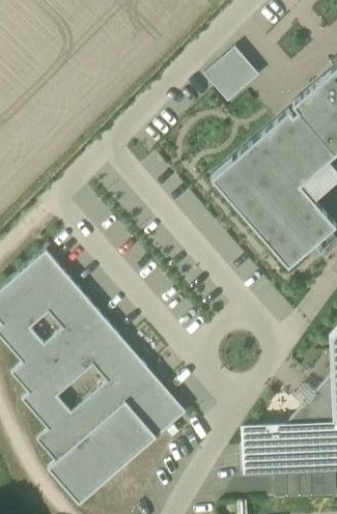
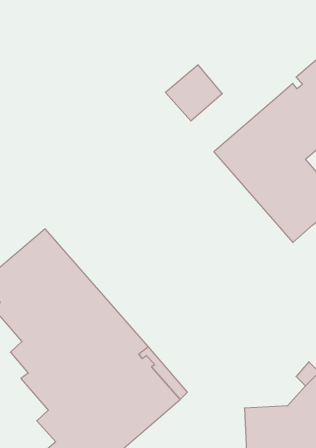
building: [203,48,259,103] -> [165,65,222,121]

